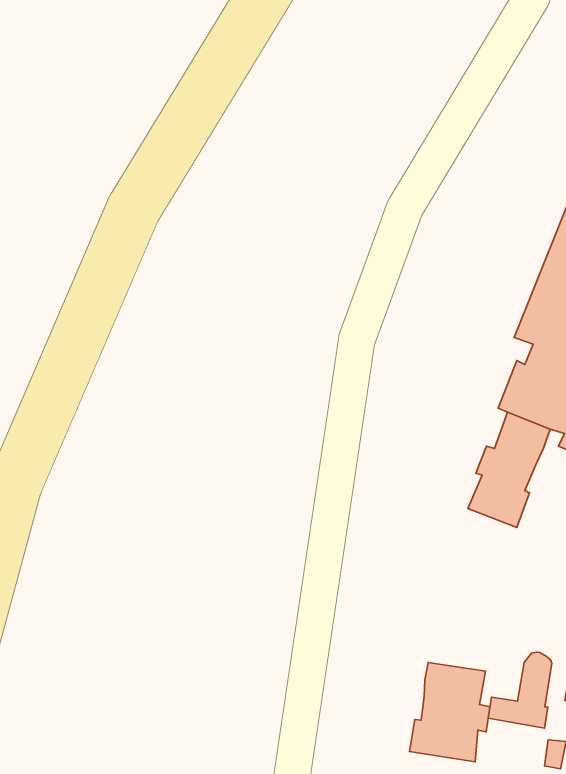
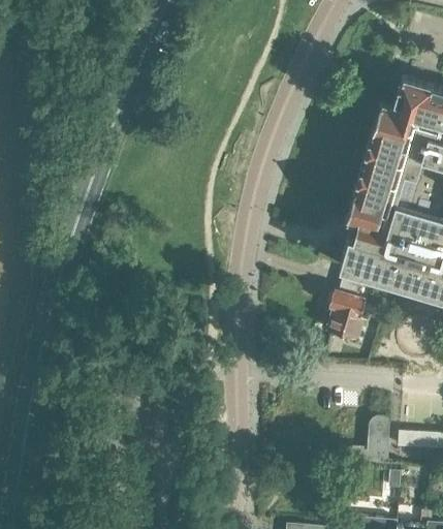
building: [409,662,490,762] -> none

